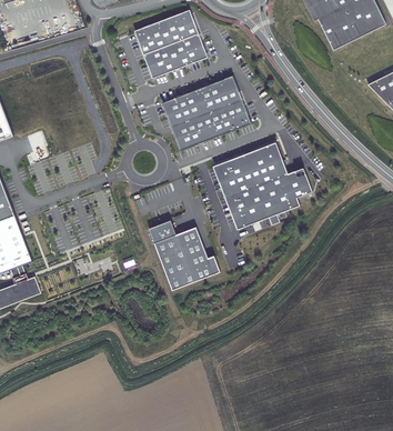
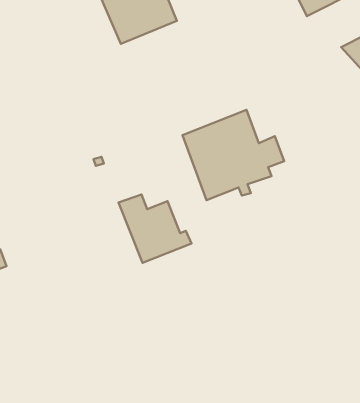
building: [162,73,251,149] -> none

